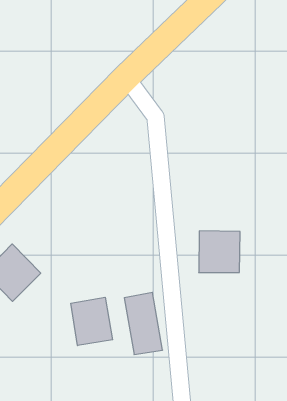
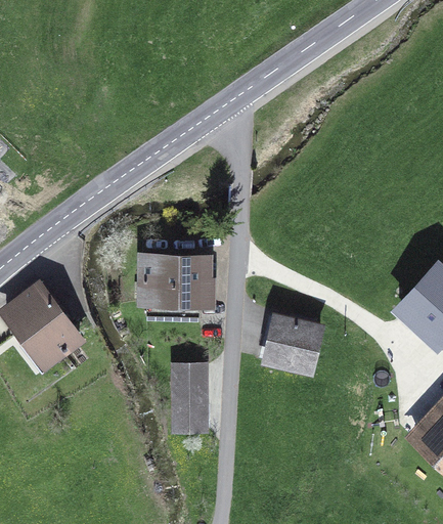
building: none -> [140,252,207,308]
building: [71,297,113,346] -> none

